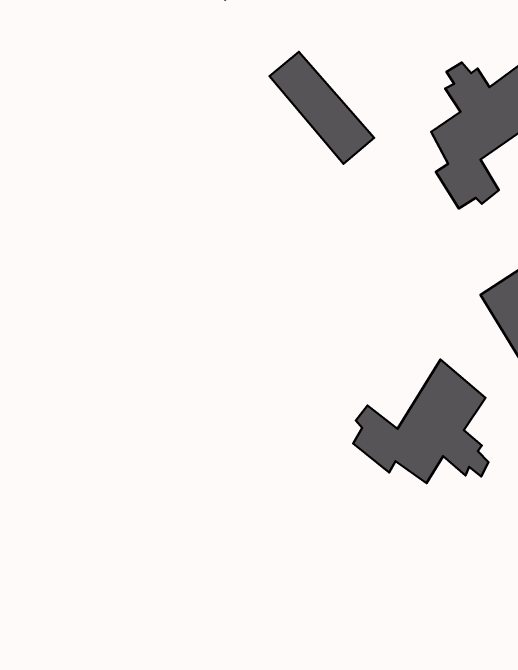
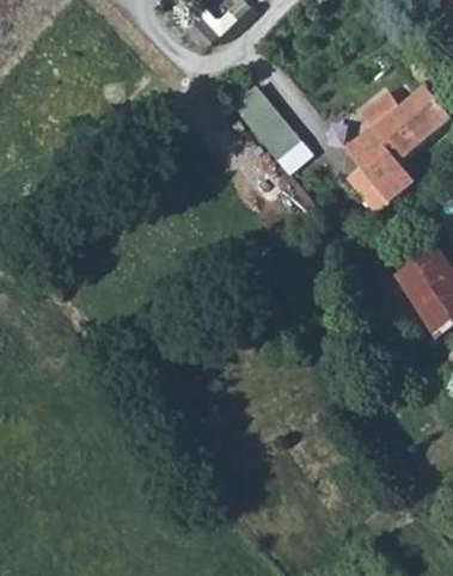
building: [353,360,489,483] -> none

